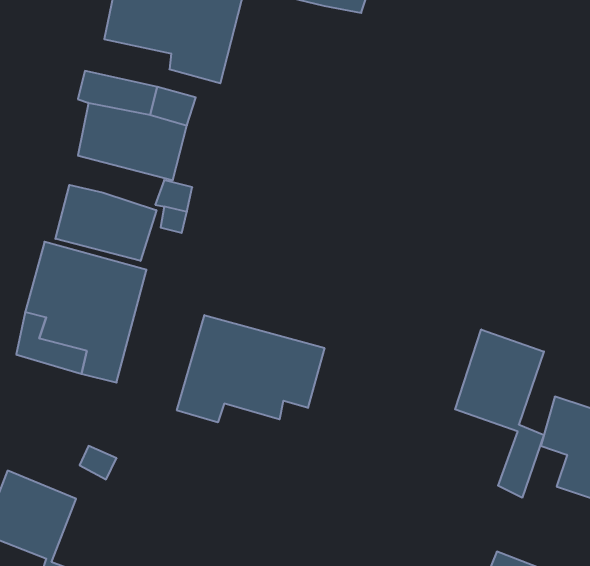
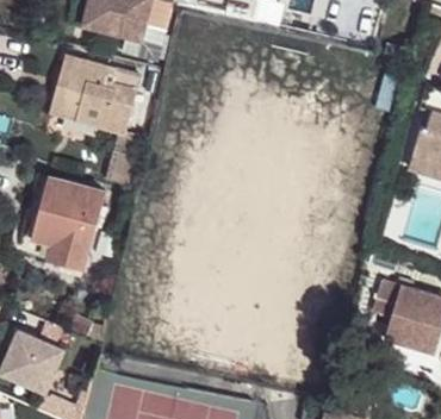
building: [55,185,156,261] -> none
building: [177,315,324,422] -> none
building: [455,329,544,498] -> none

